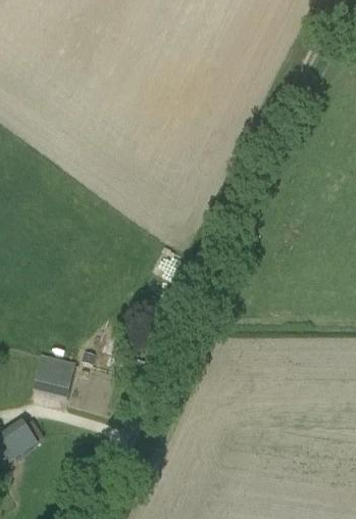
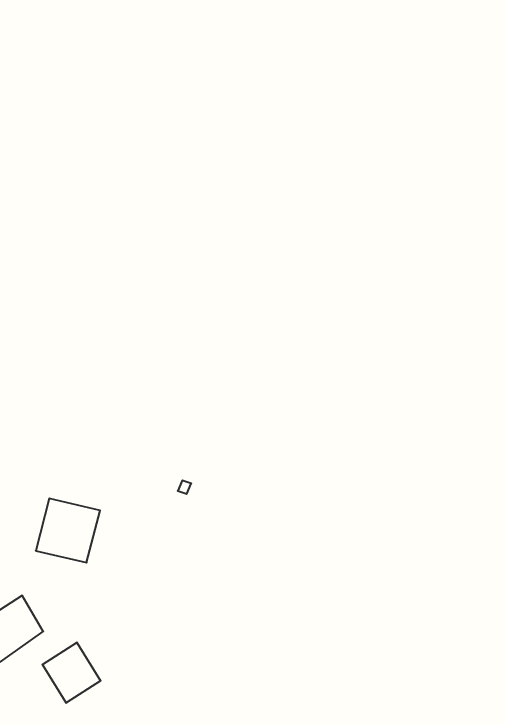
building: none -> [42,642,101,703]

